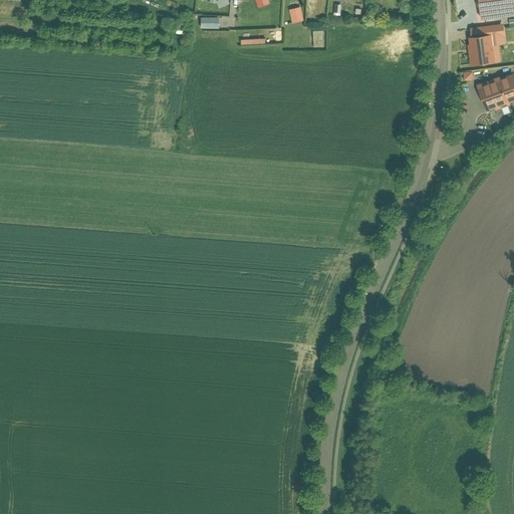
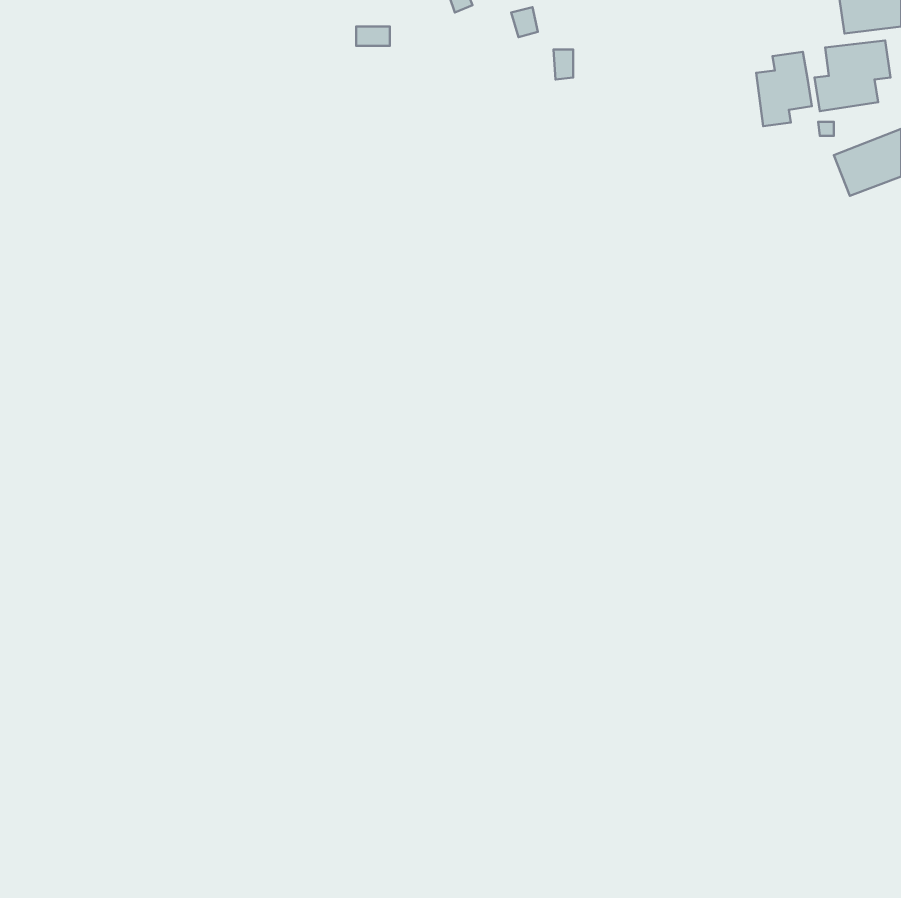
building: none -> [756,52,812,126]

